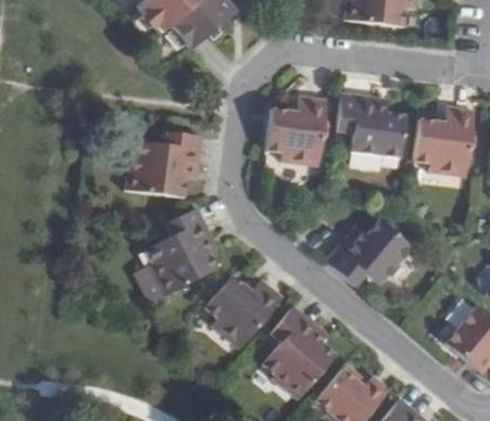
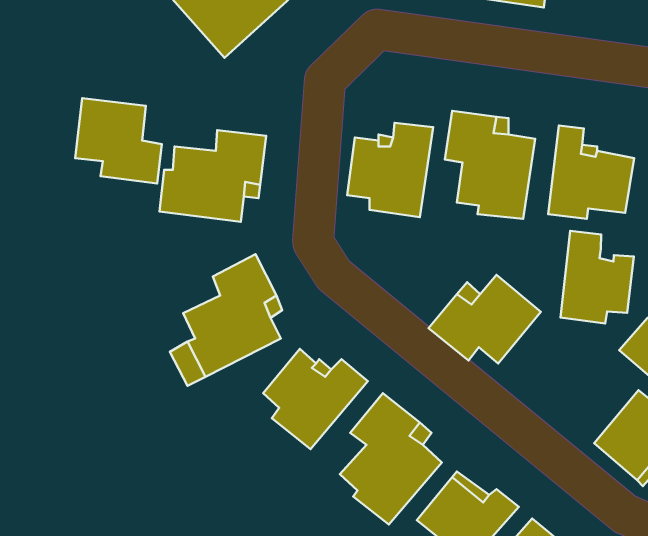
building: none -> [75,98,162,183]
building: none -> [561,231,634,324]

